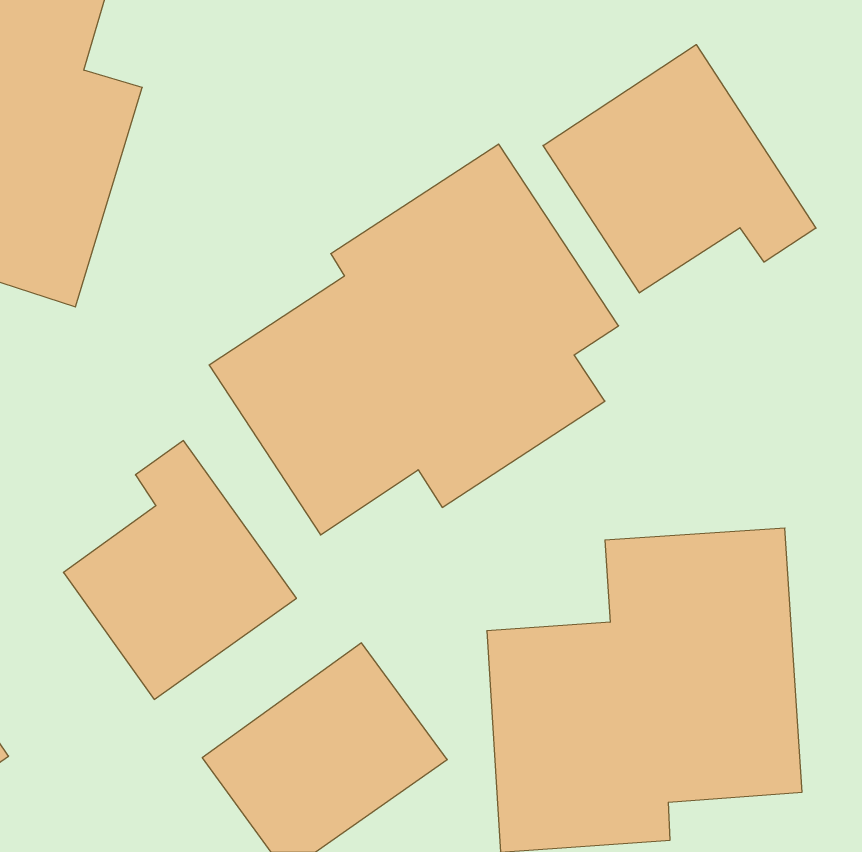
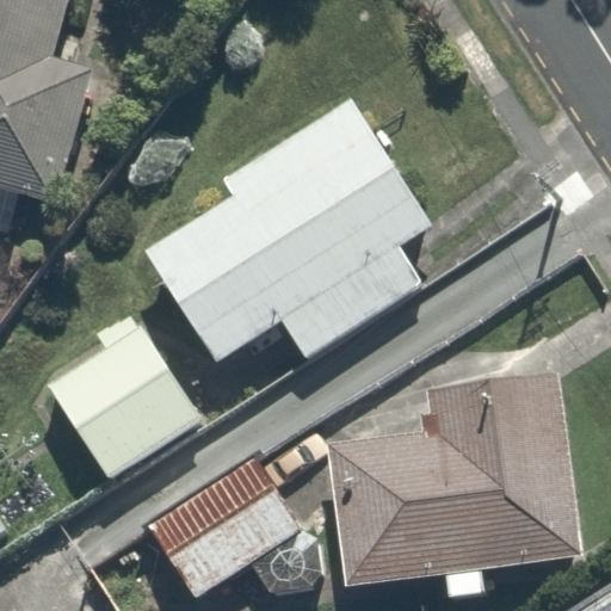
building: [543,45,816,293] -> none

